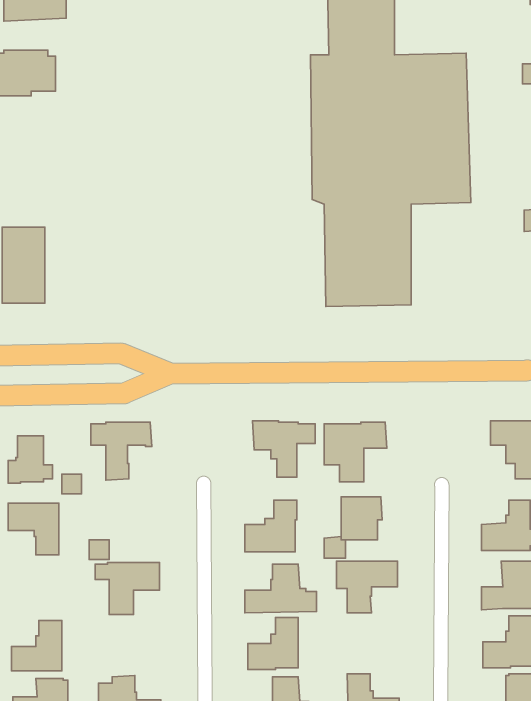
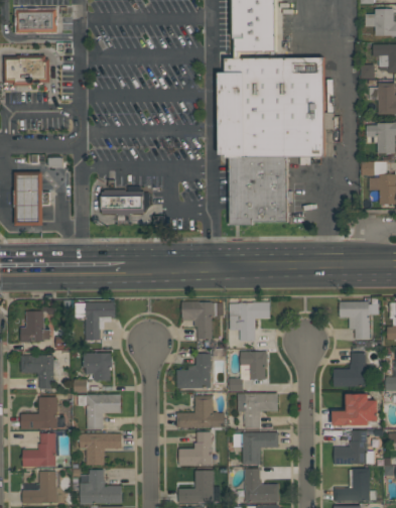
building: none -> [101,190,144,217]
building: none -> [83,353,112,381]
building: none -> [20,397,56,429]
building: none -> [233,432,278,465]
building: none -> [80,433,122,466]

